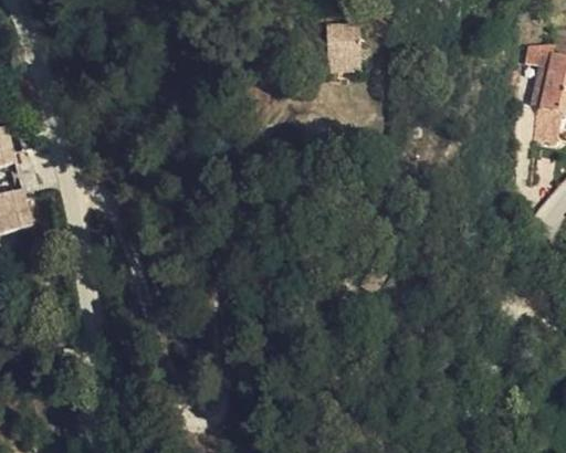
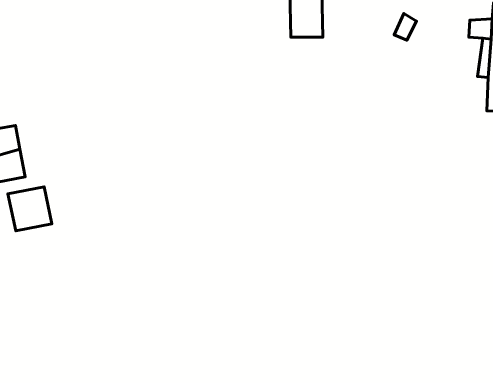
building: none -> [8,187,52,231]

